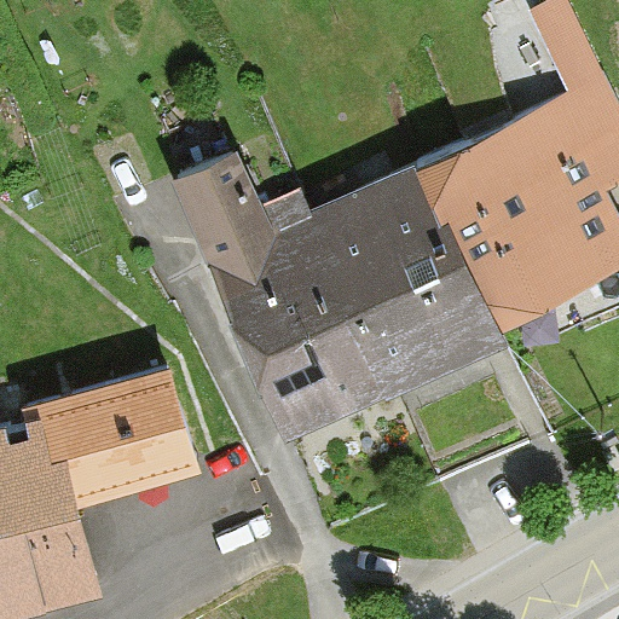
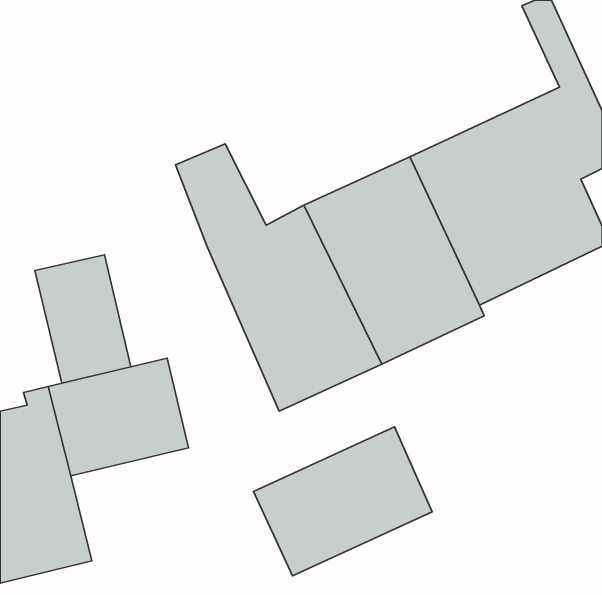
building: none -> [35,255,131,383]
building: none -> [254,427,432,576]

